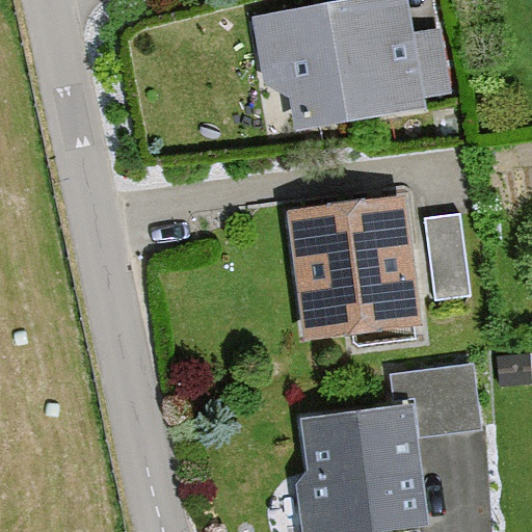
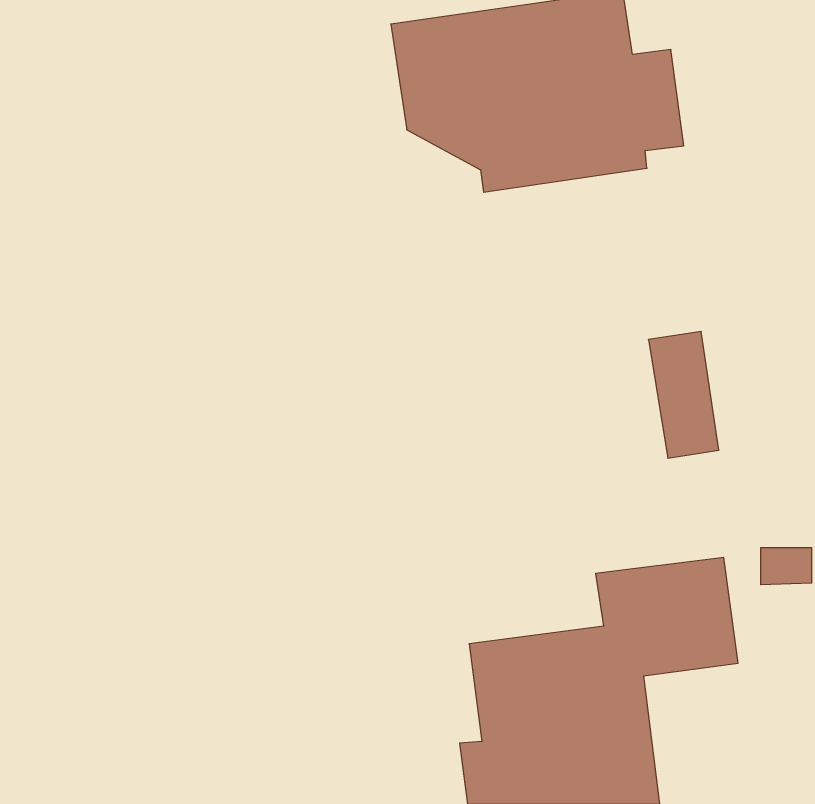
building: [289,195,420,340] -> none

